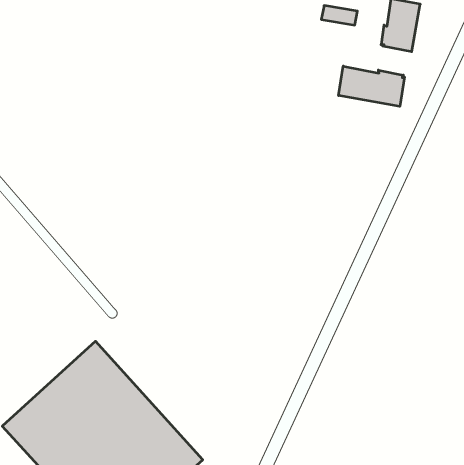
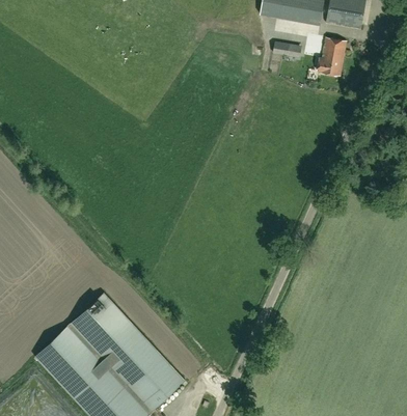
building: [339,66,404,106] -> none

